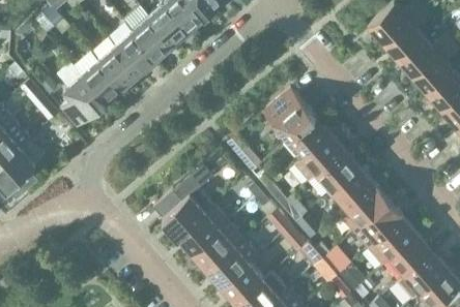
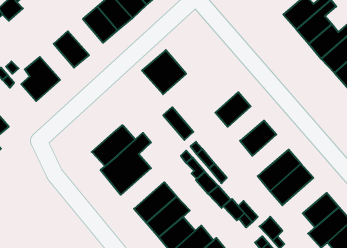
building: [115,31,156,73] -> none
building: [75,53,122,102] -> none
building: [263,89,315,141] -> [142,50,186,94]
building: [293,133,345,182] -> none
building: [332,166,374,208] -> none
building: [177,206,228,253] -> [92,126,135,166]
building: [367,217,419,266] -> none

